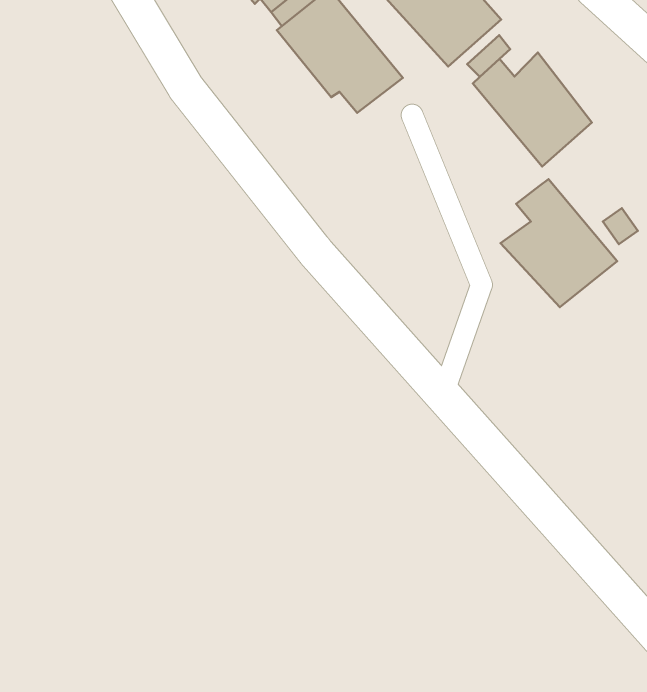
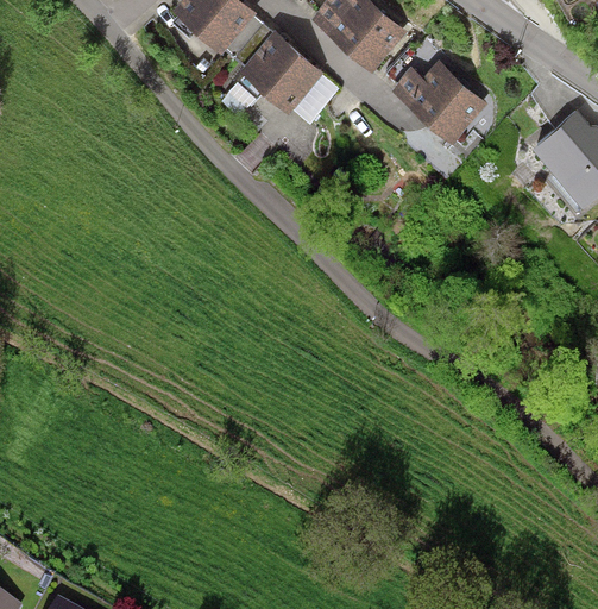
building: [501,179,617,307] -> none

